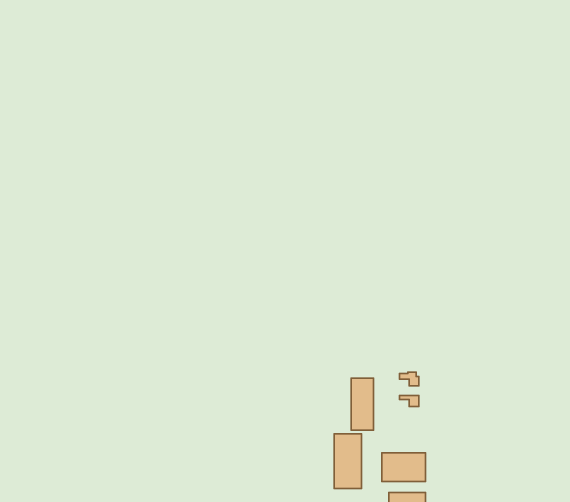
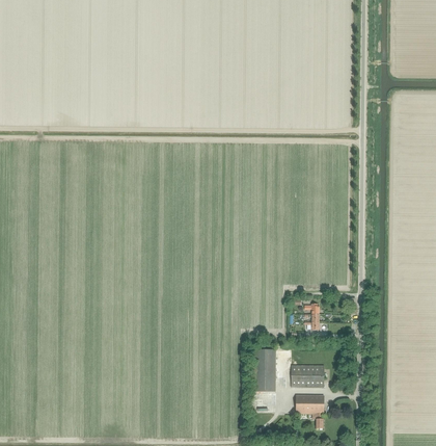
building: [351,378,373,430] -> none

